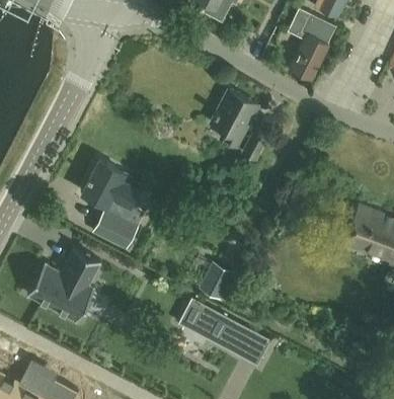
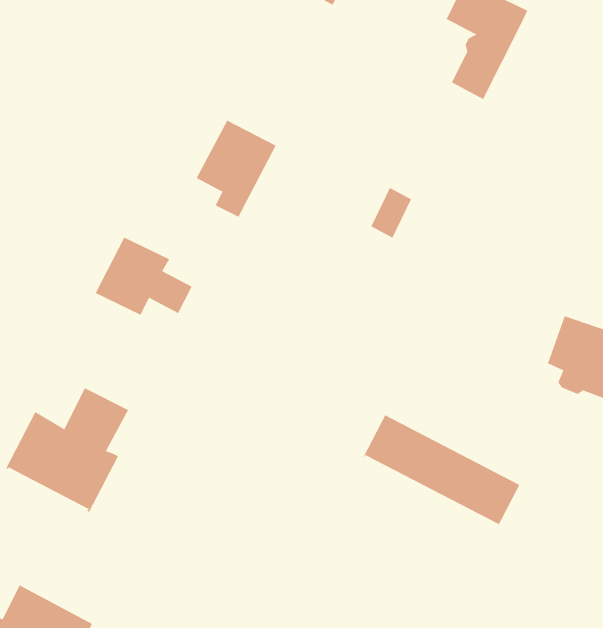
building: [211,90,258,148] -> [196,120,276,217]
building: [94,210,138,248] -> none
building: [201,264,233,301] -> none
building: [177,299,270,366] -> [362,415,520,528]

